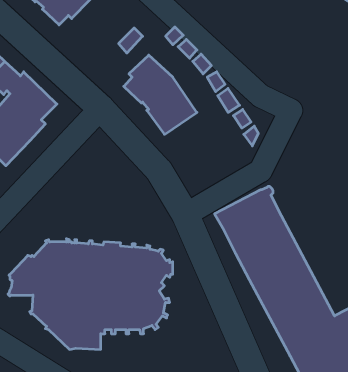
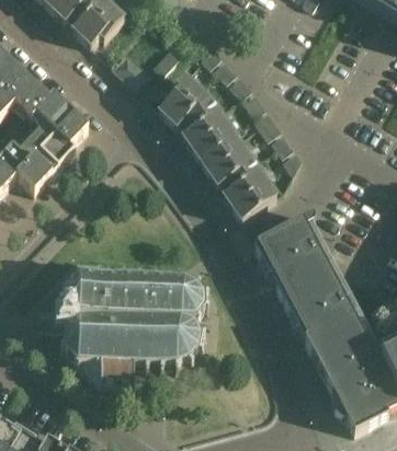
building: none -> [112,49,148,85]
building: none -> [200,135,275,219]

